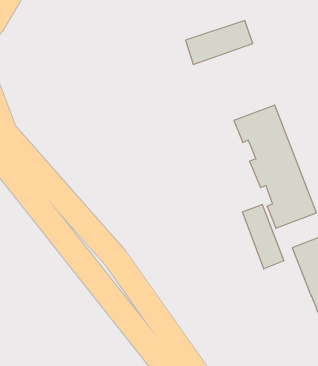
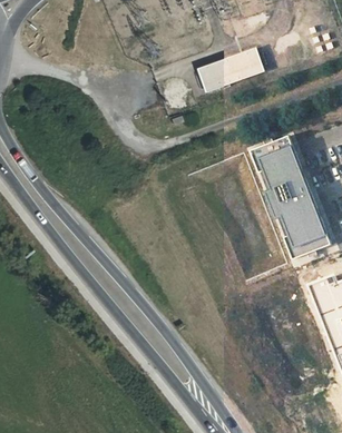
building: [243,204,284,269] -> none

